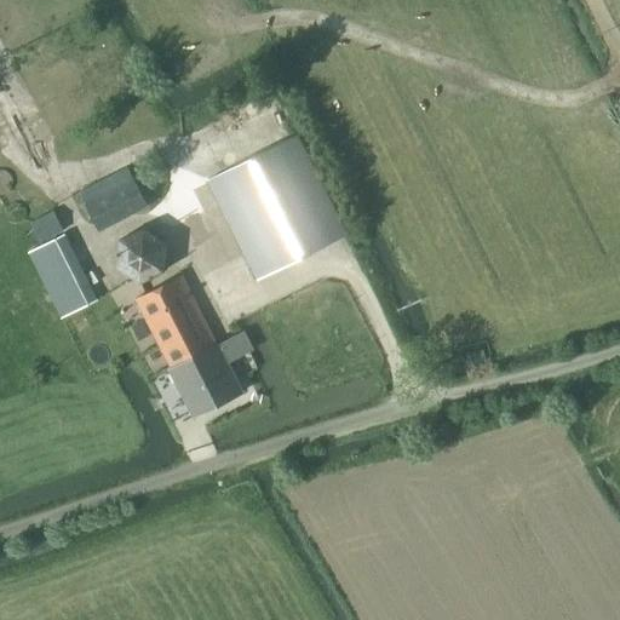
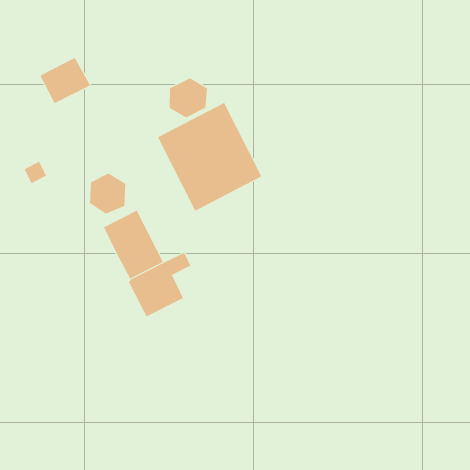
building: none -> [169,78,208,118]
building: [80,168,148,230] -> [39,57,91,104]
building: [29,235,97,318] -> none

